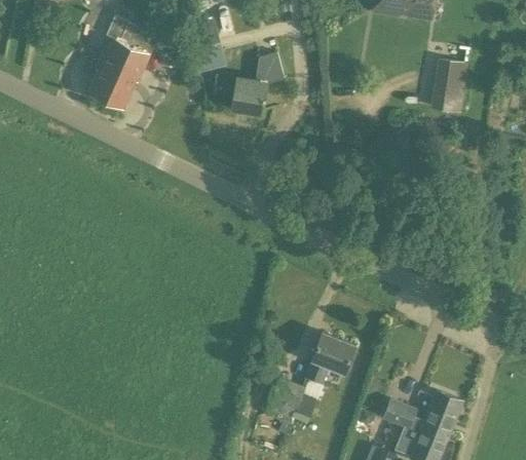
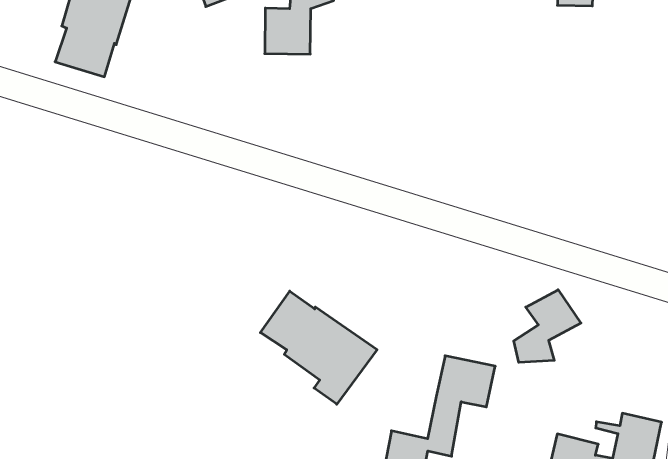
building: none -> [260,291,377,404]
building: none -> [514,290,581,362]

